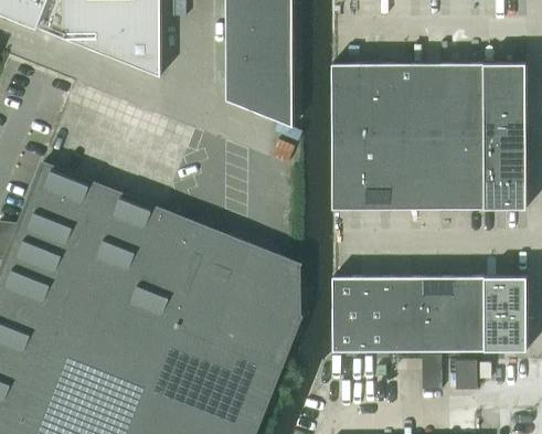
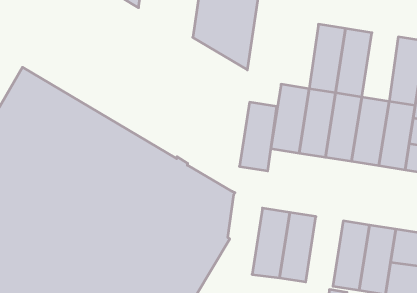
building: [331,64,363,137] -> [239,102,277,171]
building: [423,64,454,137] -> none
building: [393,277,424,351] -> none

